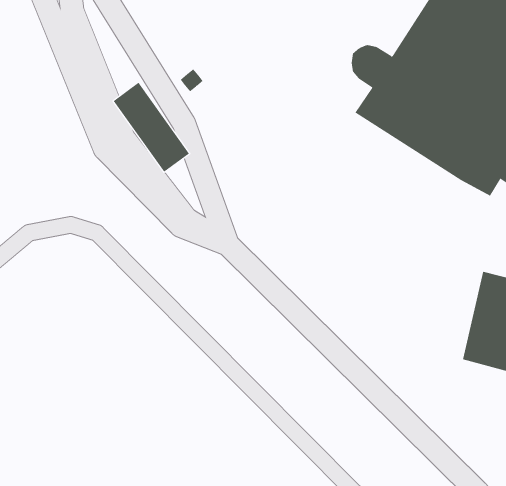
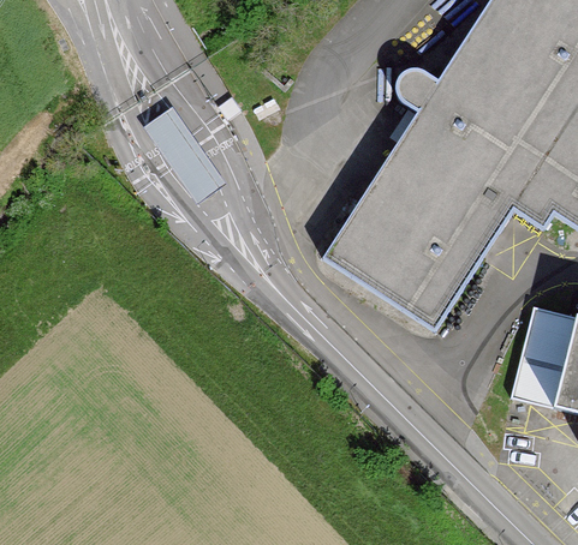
building: none -> [323,137,513,329]

